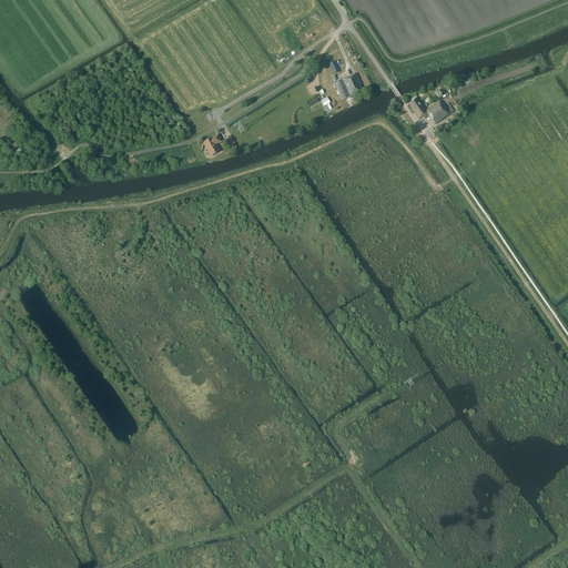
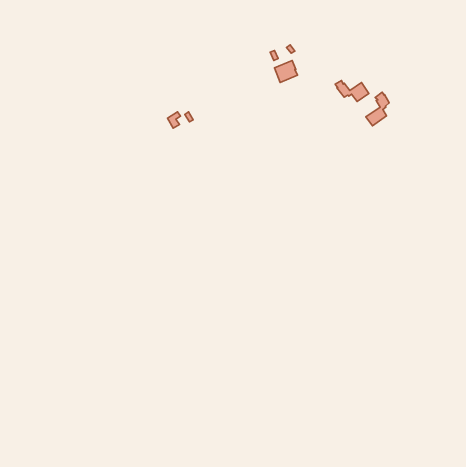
building: none -> [366,92,389,126]

